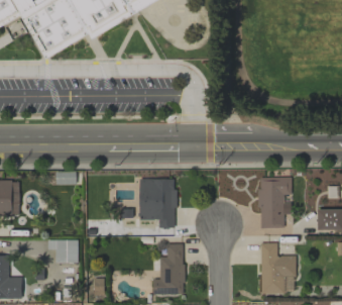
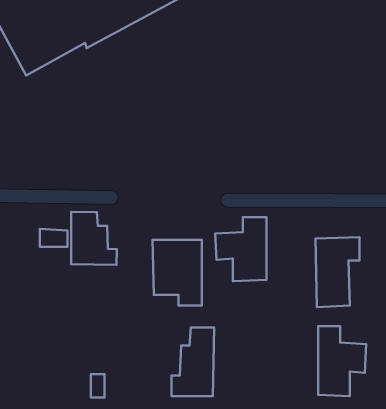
building: none -> [71,212,117,265]
building: none -> [215,217,266,281]
building: [47,239,78,262] -> none

